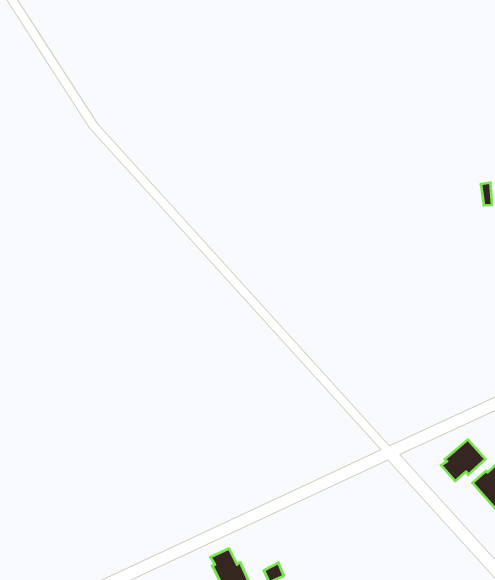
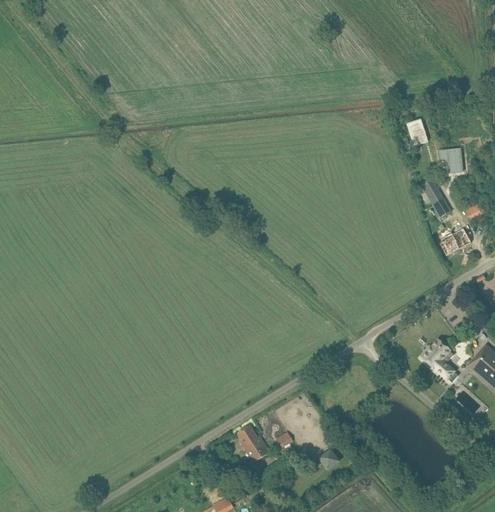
building: [441,440,485,481] -> none

